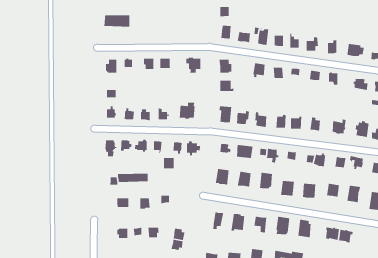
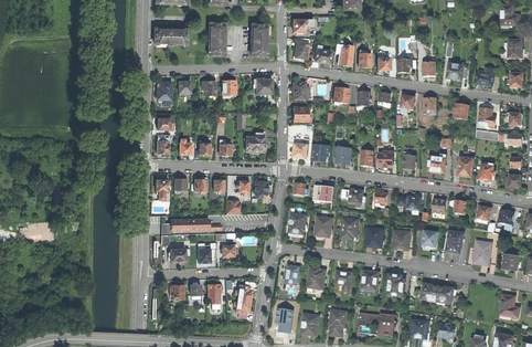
building: none -> [209,22,224,54]
building: none -> [252,23,267,54]

